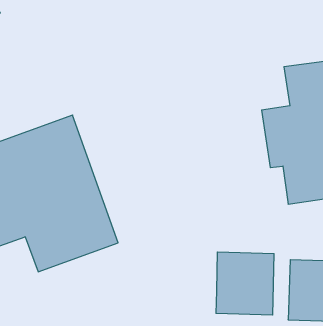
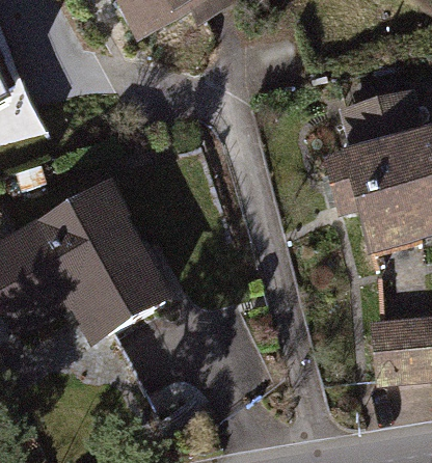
building: [216,252,274,315] -> none

